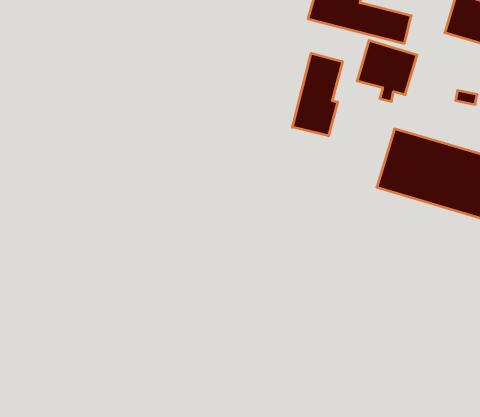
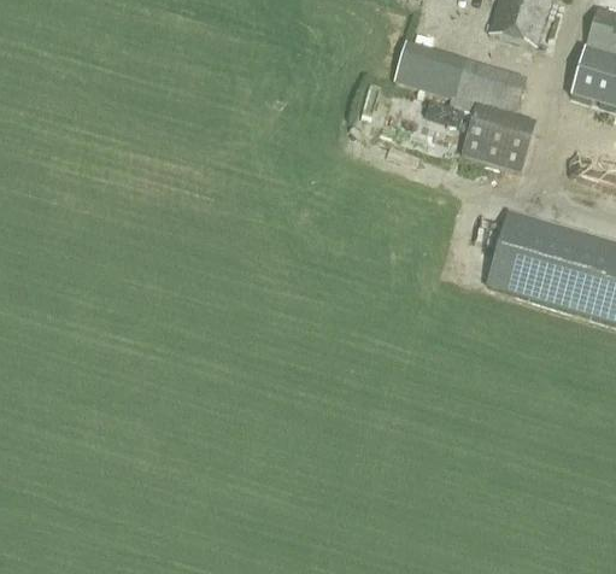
building: [292,53,342,136] -> none

